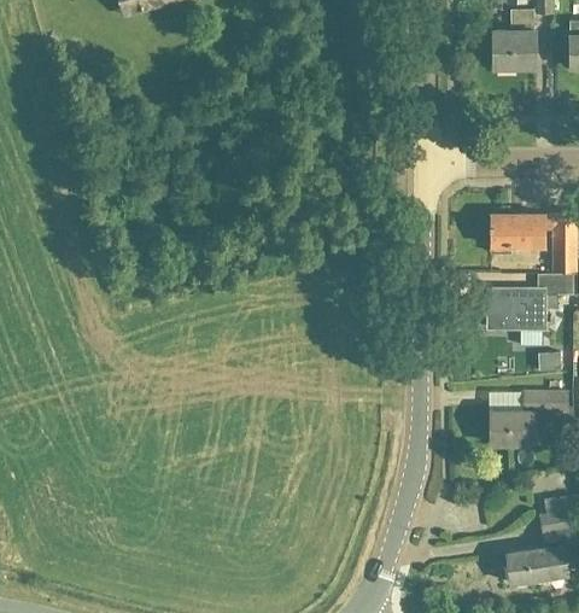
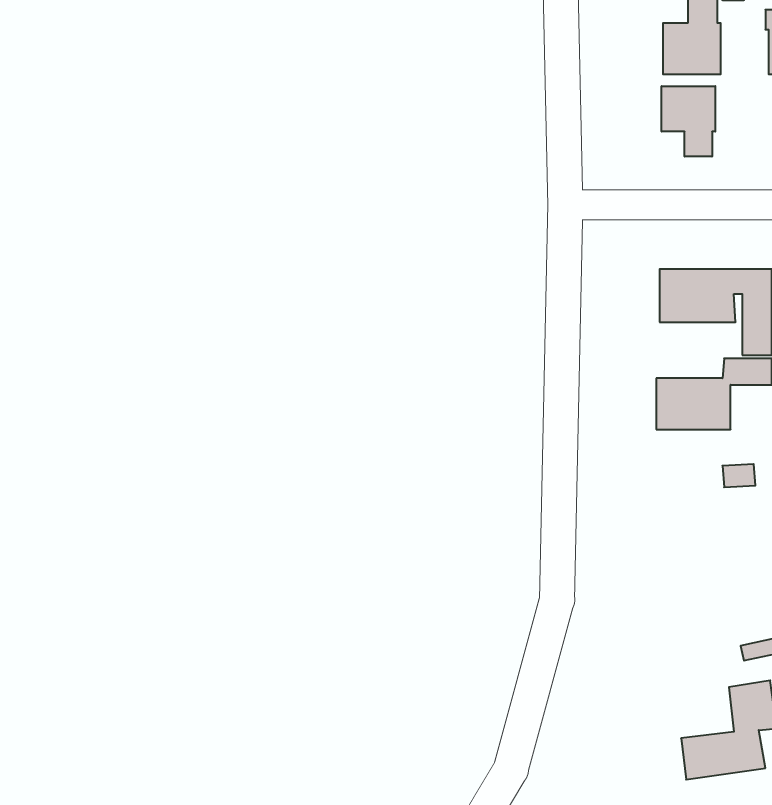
building: none -> [662,86,715,157]
building: [491,392,568,444] -> none

